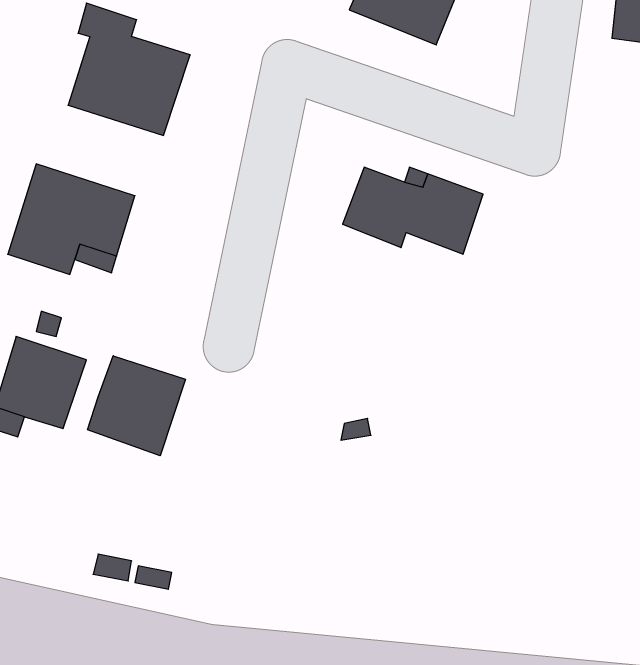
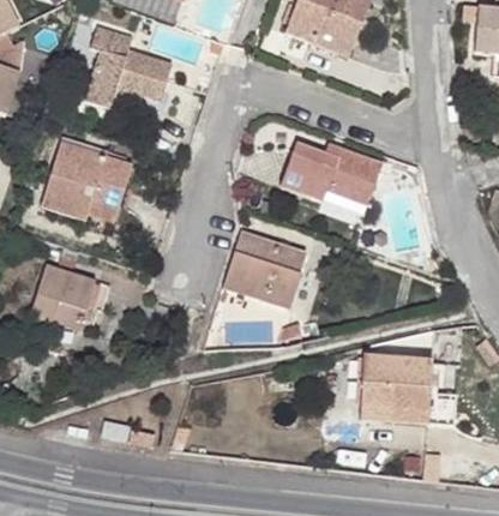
building: none -> [226,232,306,306]
building: [87,356,186,456] -> none
building: none -> [361,355,432,422]

